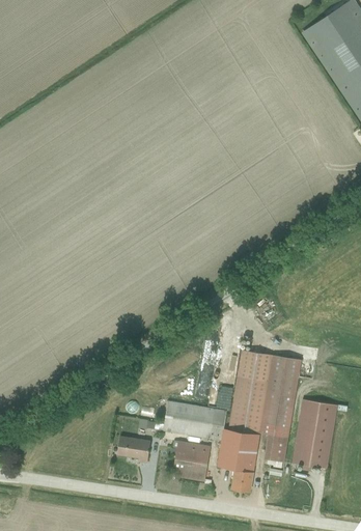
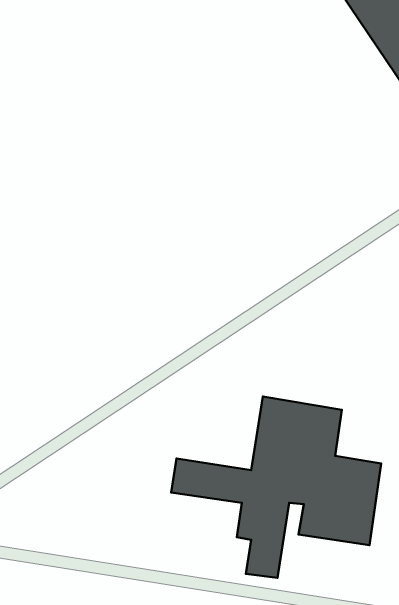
building: [121,432,155,463] -> none
building: [174,445,207,476] -> none

